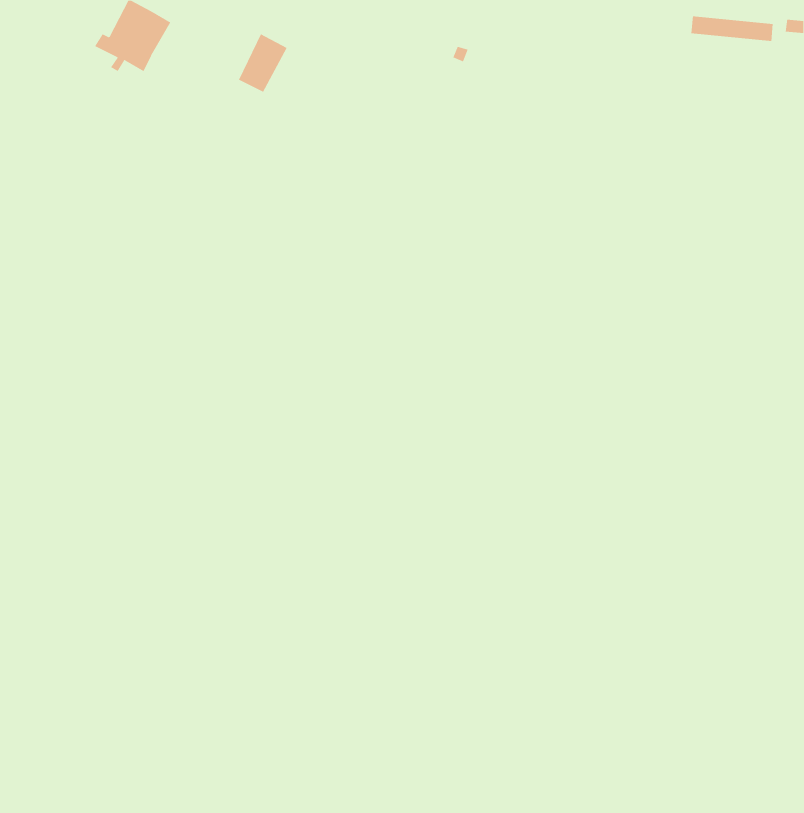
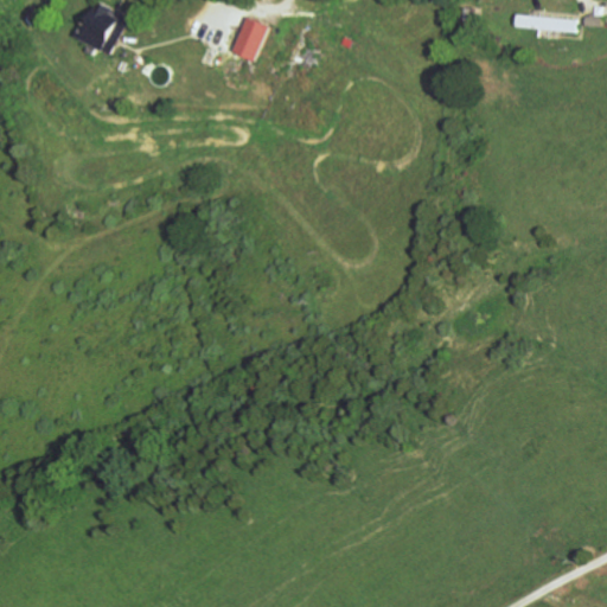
building: [238,33,288,93] -> [230,17,267,60]

